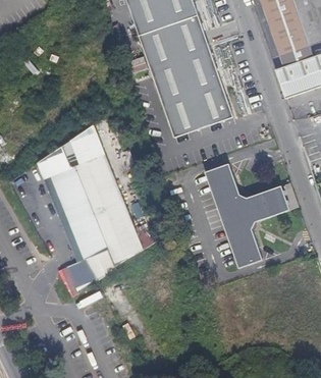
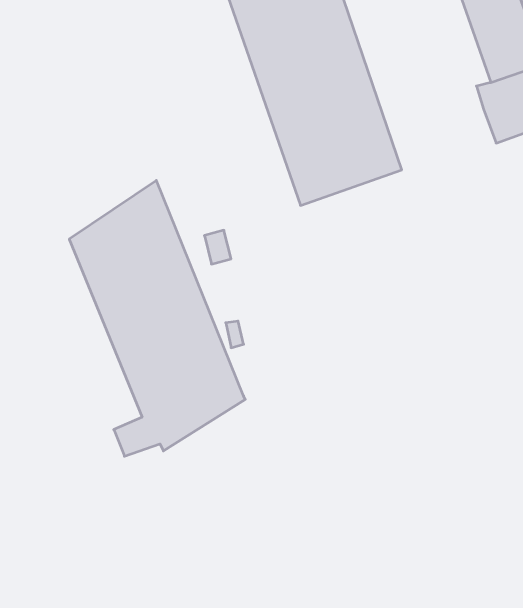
building: [204,163,289,267] -> none

